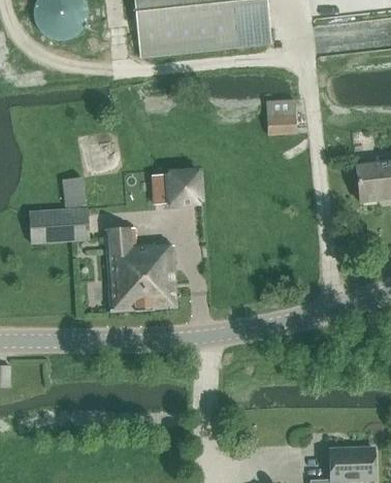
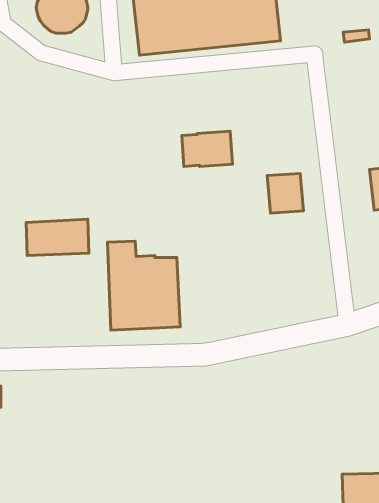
building: [265,97,299,134] -> [267,173,303,213]
building: [152,170,199,203] -> [182,131,232,166]
building: [64,178,87,207] -> none

